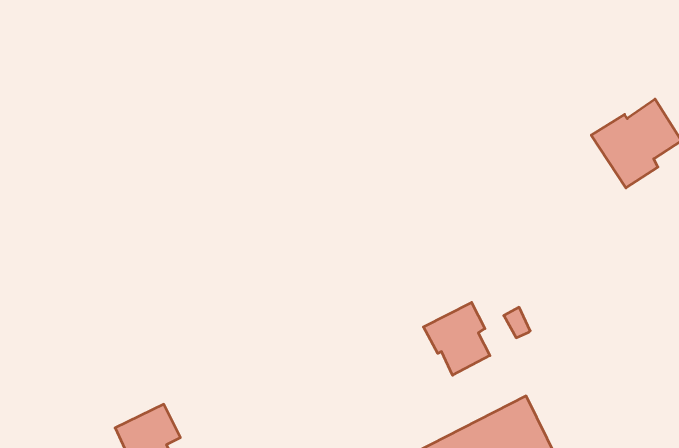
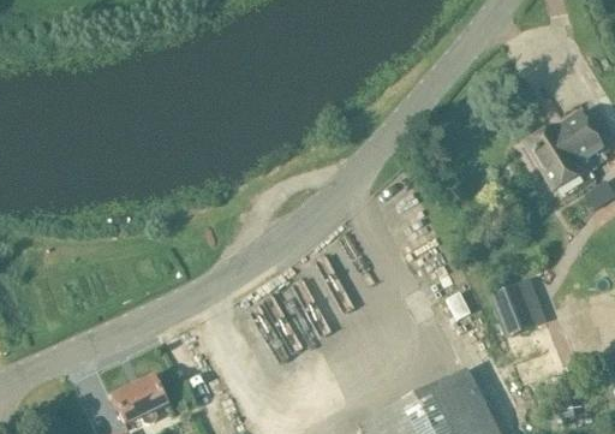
building: none -> [492,280,536,333]
building: [423,302,490,375] -> none

